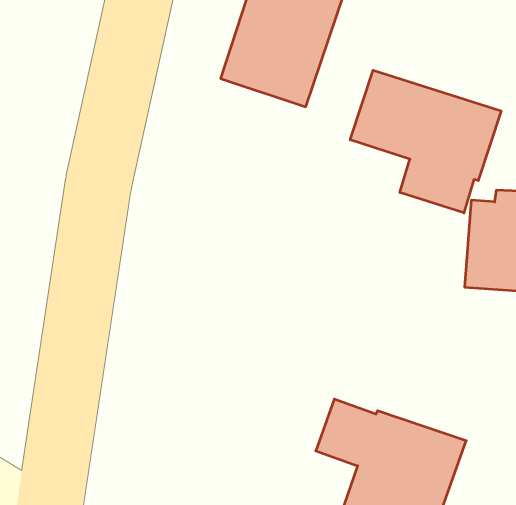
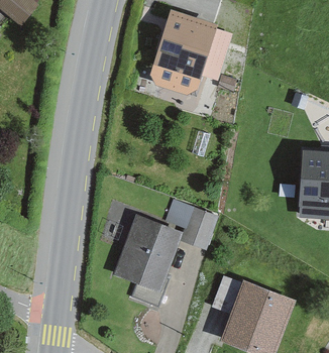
building: [350,70,501,213] -> none
building: none -> [117,203,217,309]

